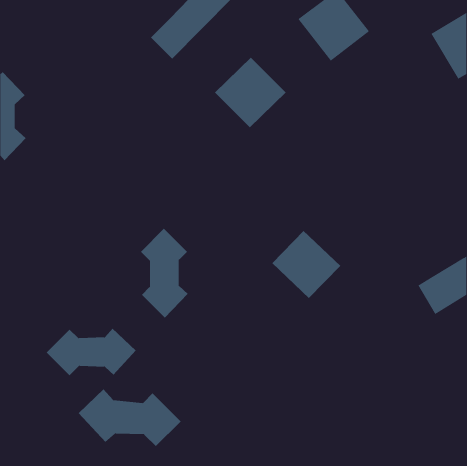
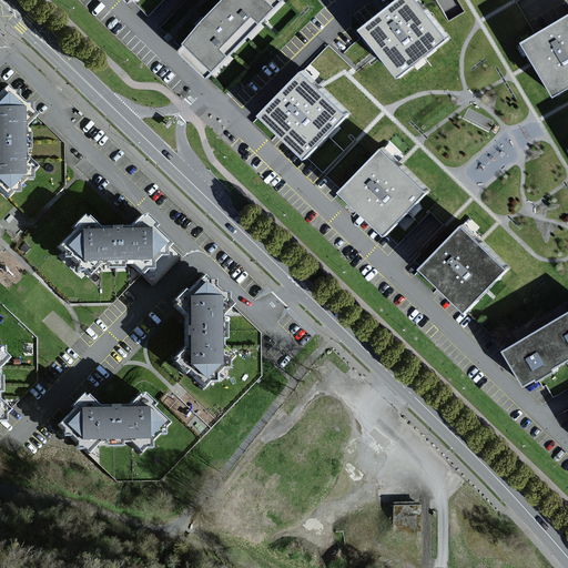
building: none -> [338,144,428,233]
building: none -> [54,215,180,287]
building: [271,230,341,299] -> [423,224,507,307]
building: [78,389,181,447] -> none

